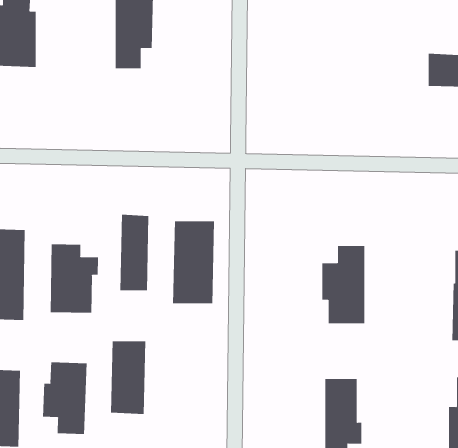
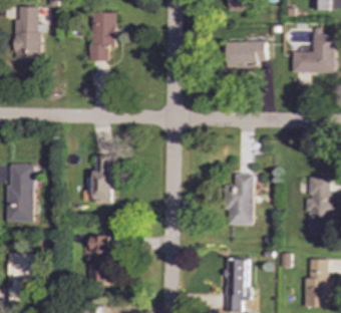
building: none -> [226,40,266,66]
building: [173,221,214,304] -> none
building: [50,244,99,314] -> none
building: [42,361,87,435] -> none

